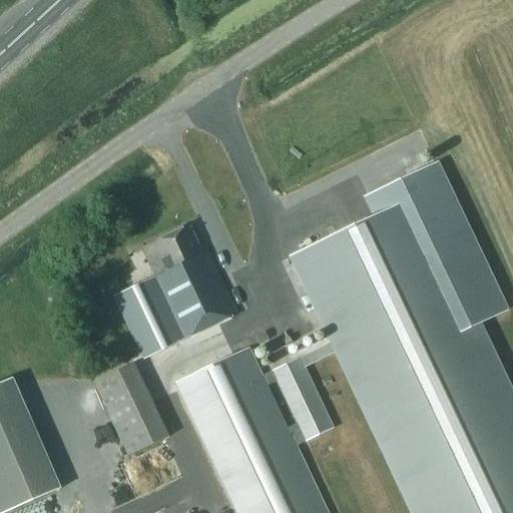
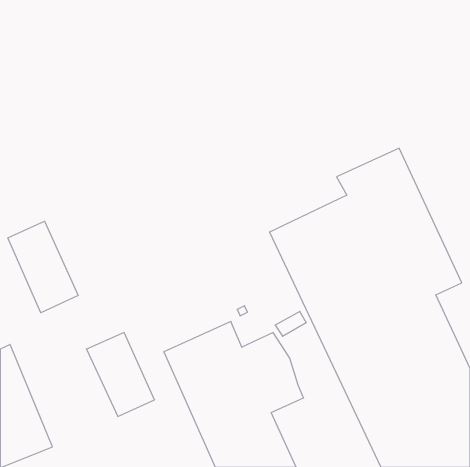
building: [116,225,238,357] -> none
building: none -> [8,221,78,313]

